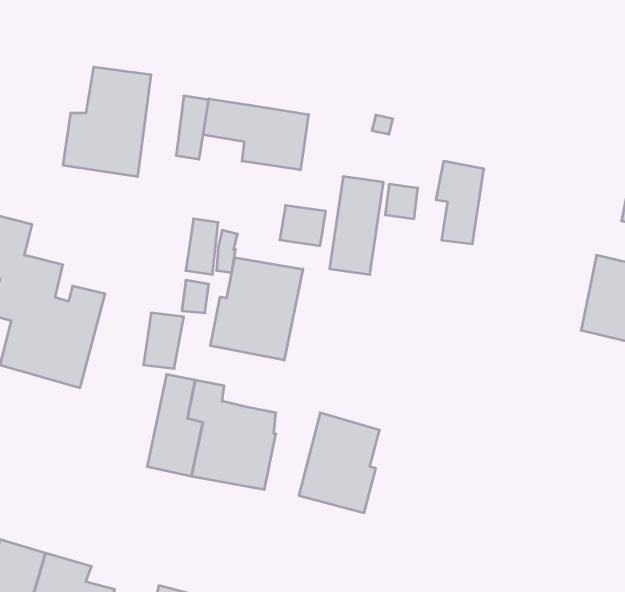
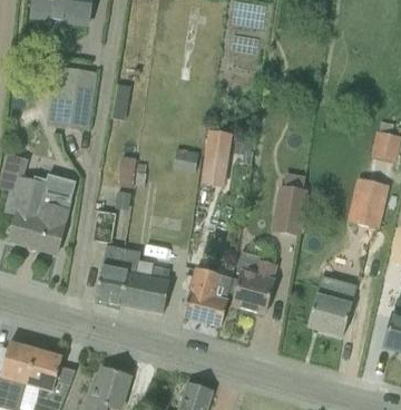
building: [203,99,309,170] -> none
building: [436,161,484,244] -> [276,186,304,234]
building: [210,257,303,360] -> none
building: none -> [232,251,276,313]
building: none -> [307,261,351,335]

